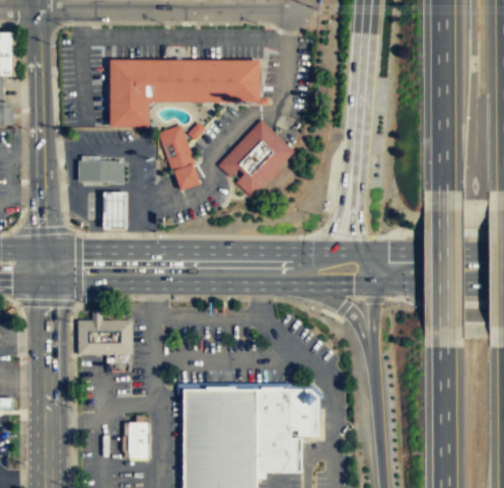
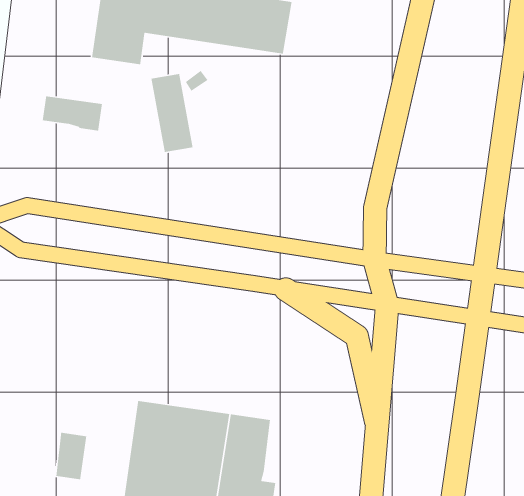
building: [217,120,294,197] -> none
building: [103,191,127,228] -> none
building: [77,309,132,354] -> none
building: [291,389,318,436] -> none

